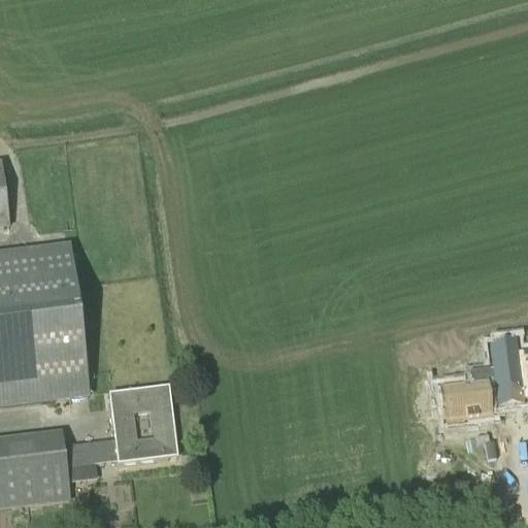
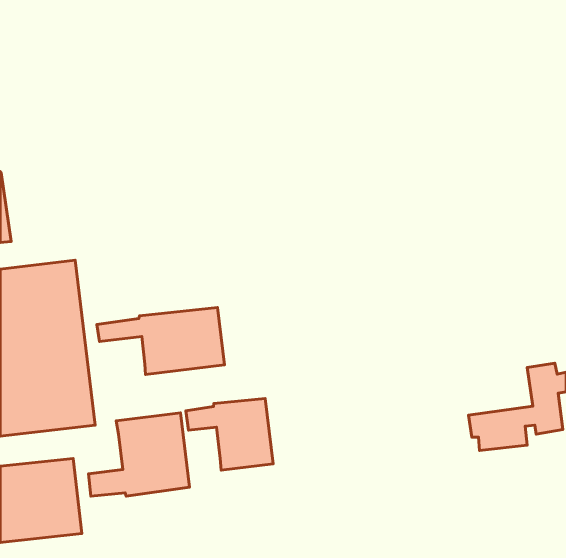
building: none -> [97,307,224,374]
building: none -> [186,398,273,470]

